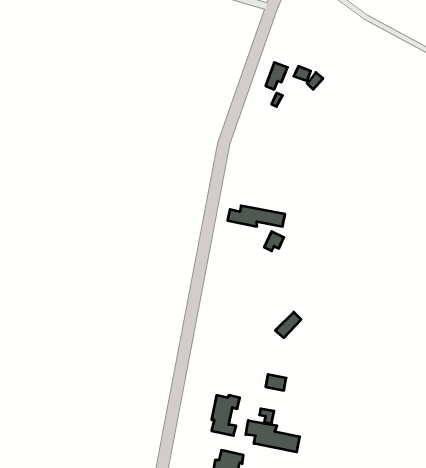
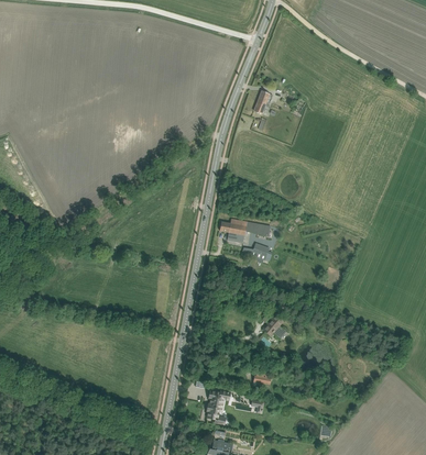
building: [246,420,300,452] -> none

